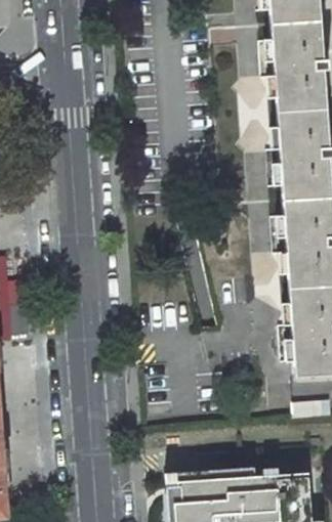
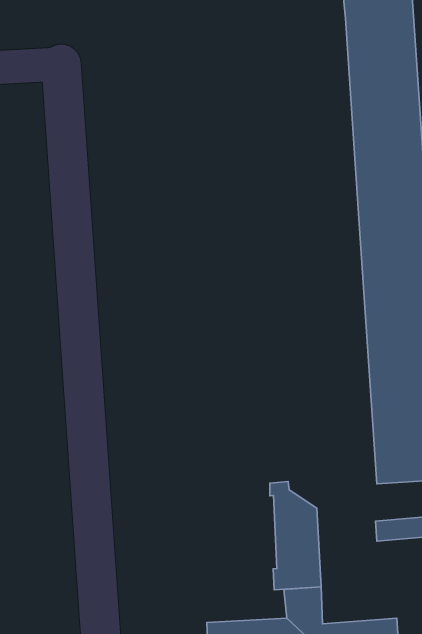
building: none -> [270,482,321,590]

